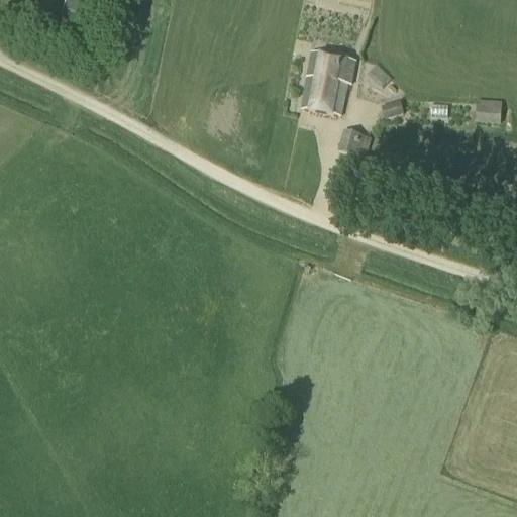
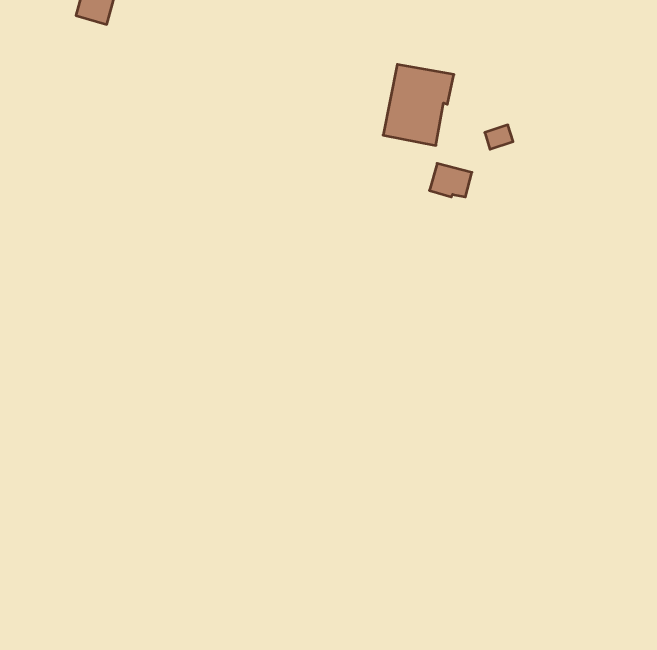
building: [475,97,501,121] -> none

